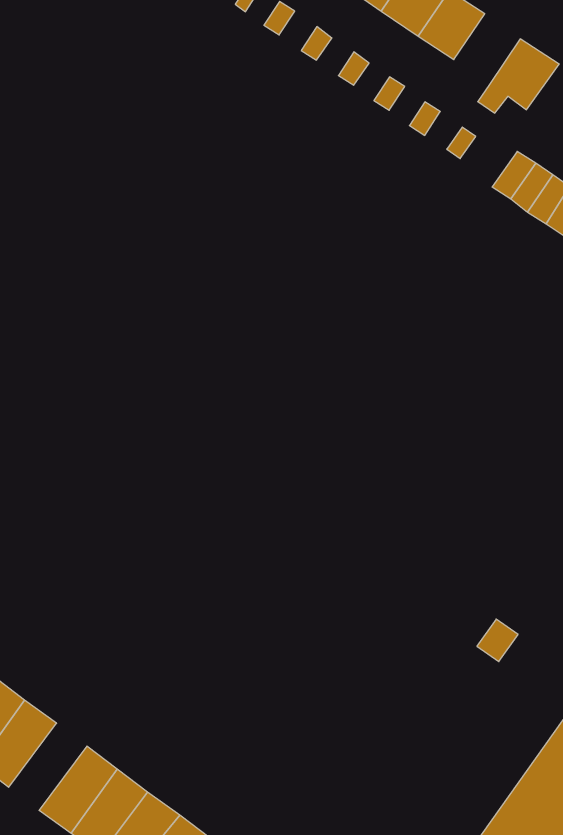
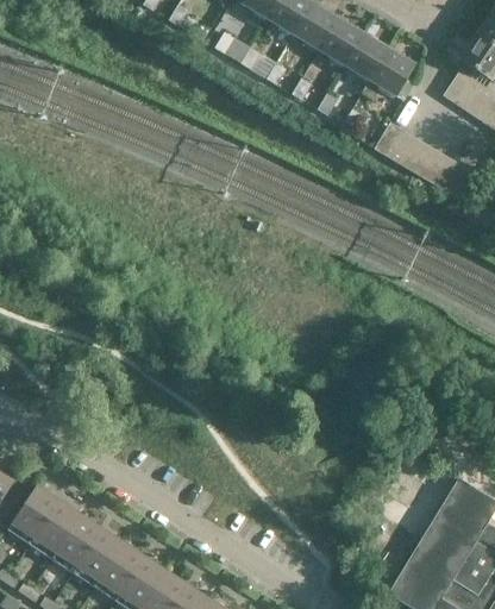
building: none -> [343,32,387,80]
building: none -> [71,528,123,588]

